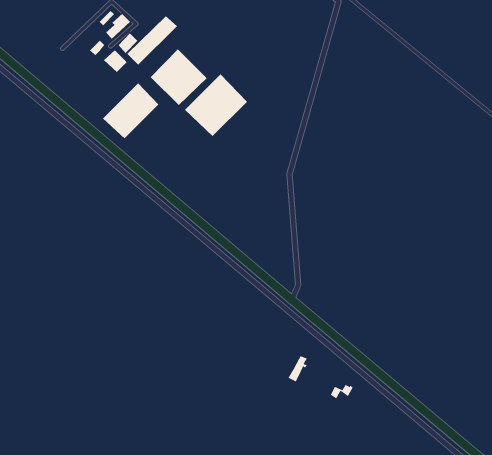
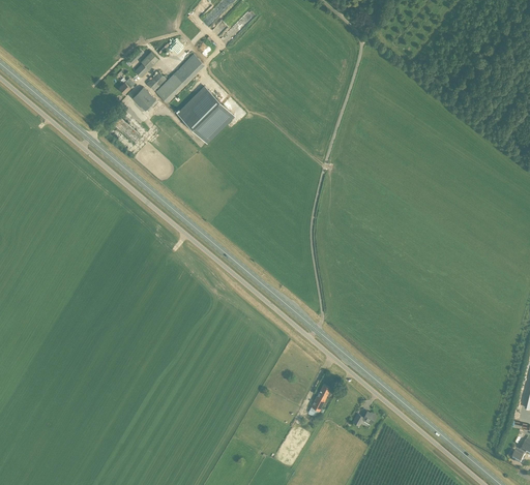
building: [184,74,248,137] -> none
building: [102,83,159,139] -> none

